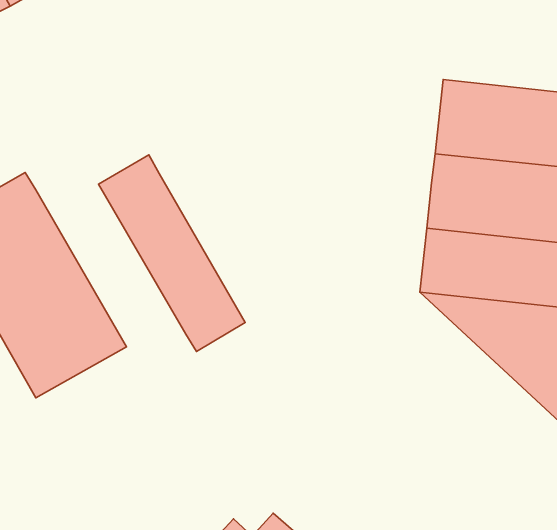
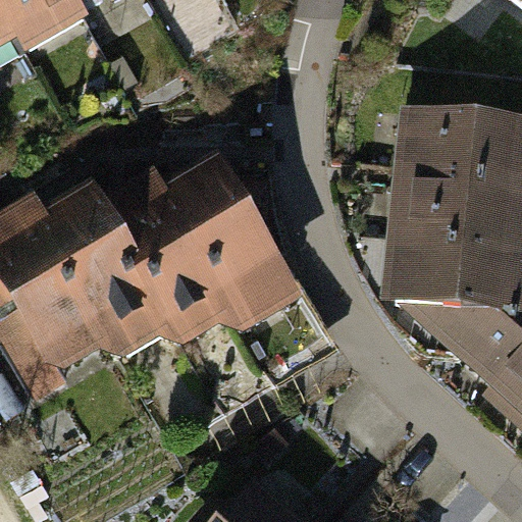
building: none -> [154,150,303,333]
building: none -> [46,176,177,353]

